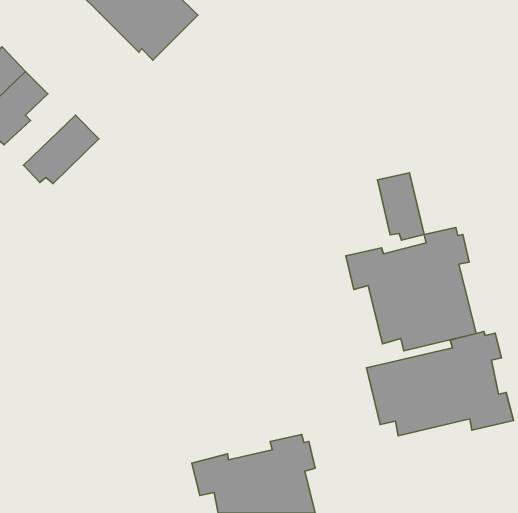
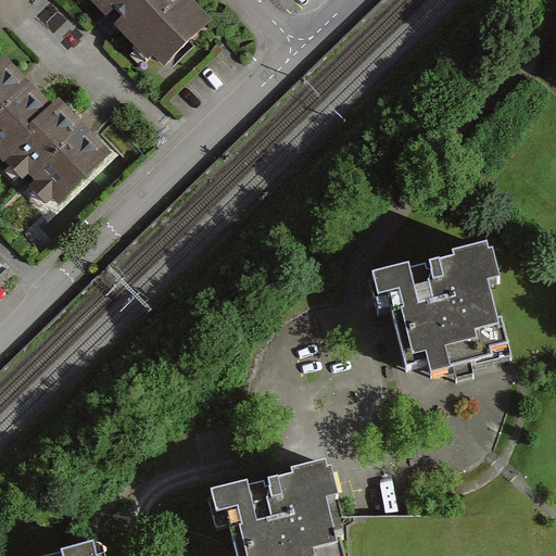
building: none -> [4,97,80,176]
building: [377,173,424,240] -> none
building: [367,332,513,436] -> none

